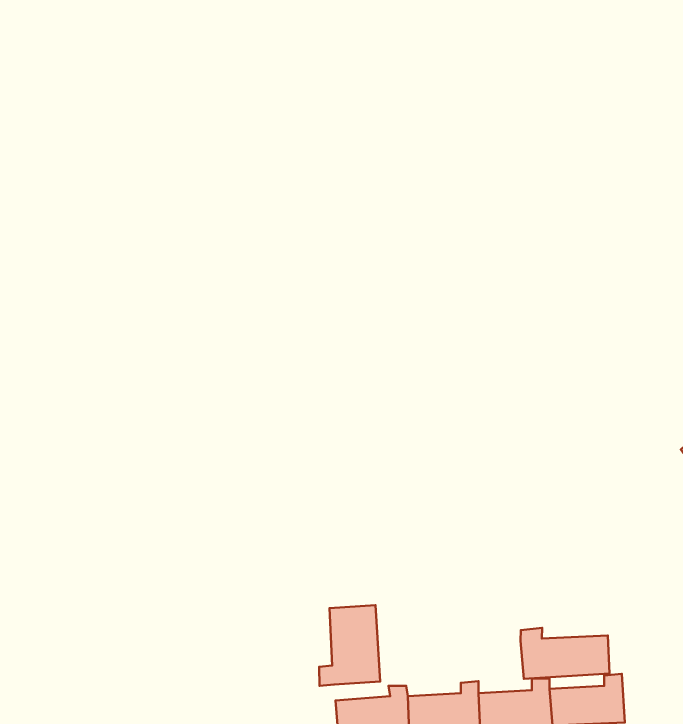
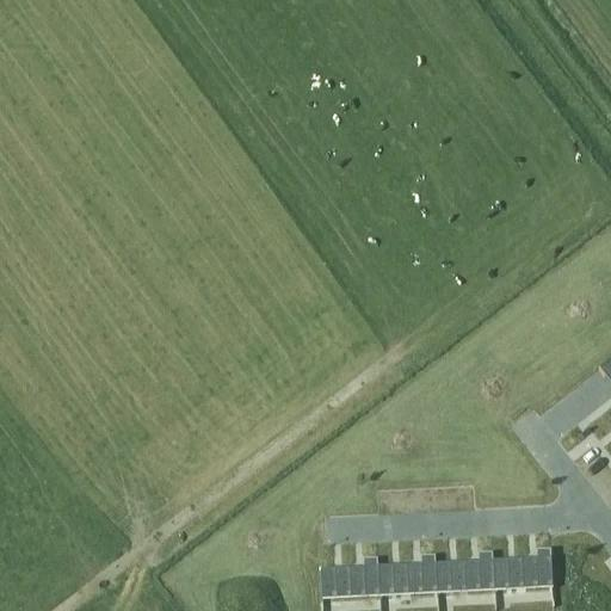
building: [319,605,380,686] -> none
building: [520,628,610,679] -> none

